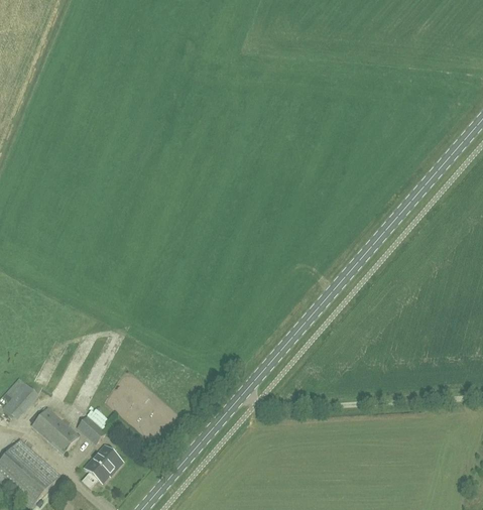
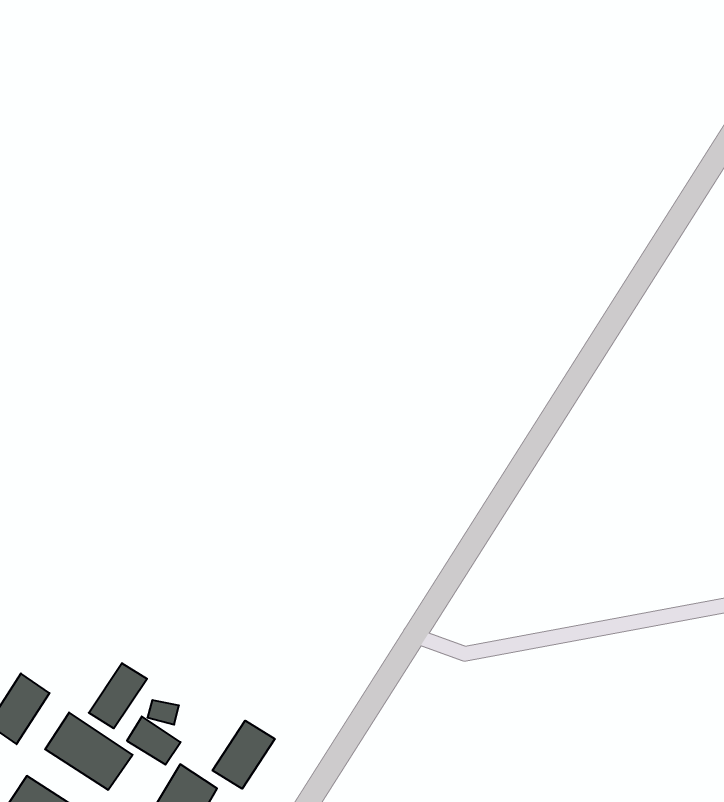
building: none -> [89,663,147,728]
building: none -> [213,721,275,789]

